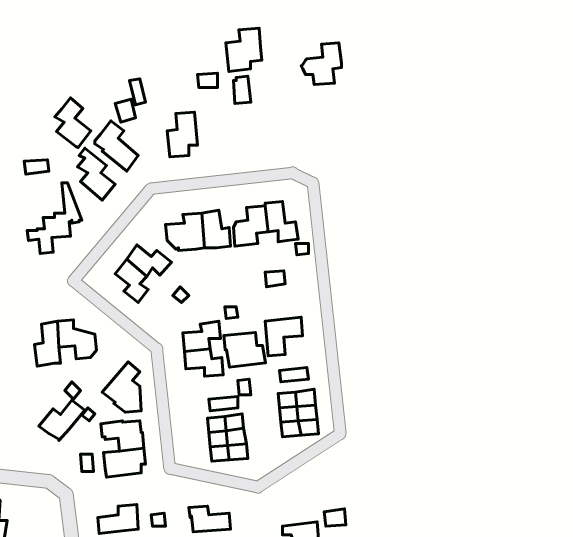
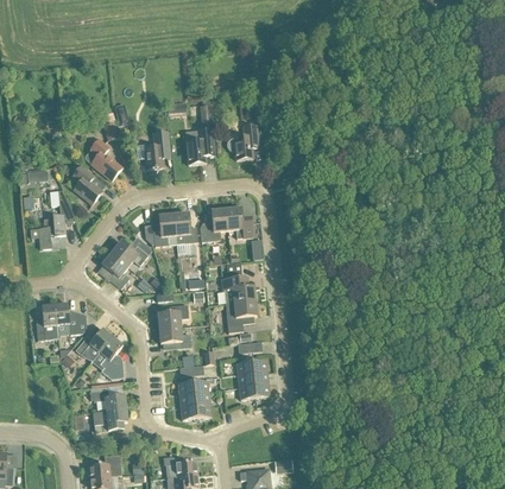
building: [226,28,262,72] -> [185,129,215,165]
building: [301,43,342,85] -> [226,125,259,159]
building: [55,98,91,148] -> none
building: [224,333,266,367] -> [221,275,255,304]
building: [39,400,85,441] -> [75,329,113,362]

